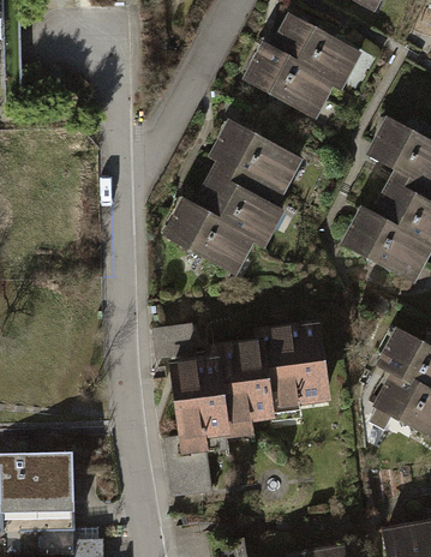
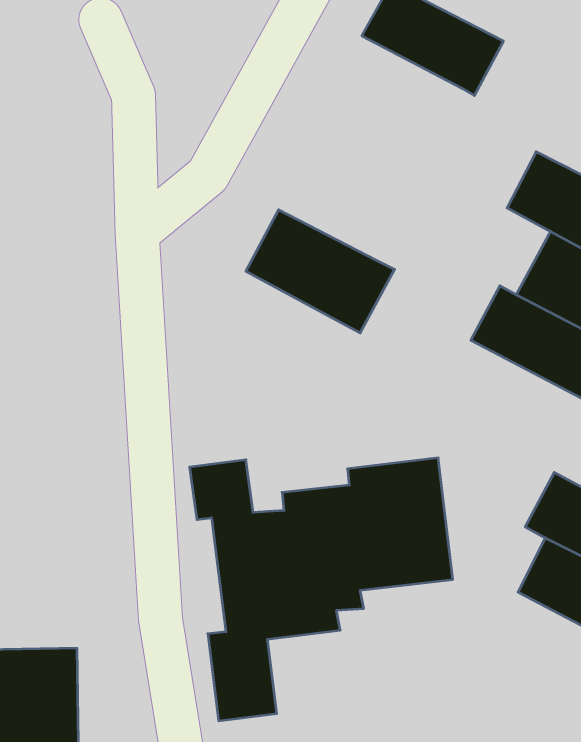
building: [243,42,335,118] -> none
building: [205,118,299,194] -> none
building: [158,196,252,276] -> none

